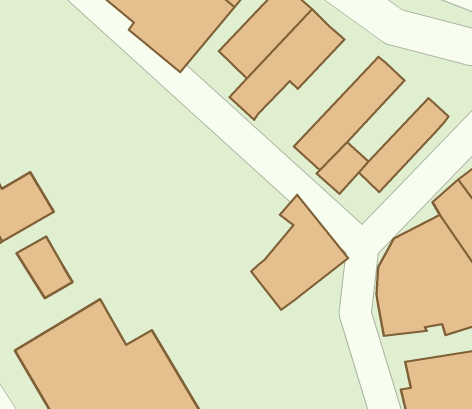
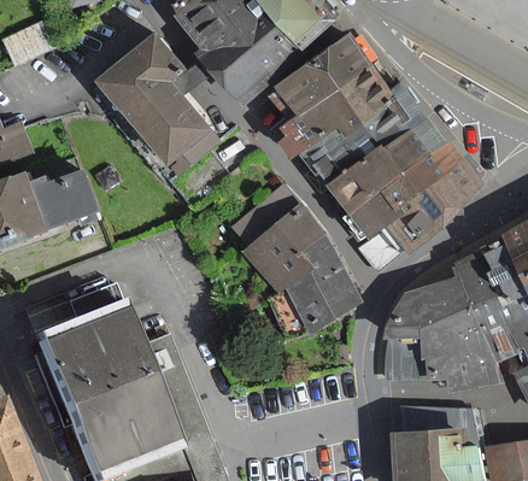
building: none -> [95,35,215,172]
building: none -> [303,84,424,188]
building: none -> [381,142,464,215]
building: none -> [228,182,325,293]
building: [16,236,72,298] -> none

